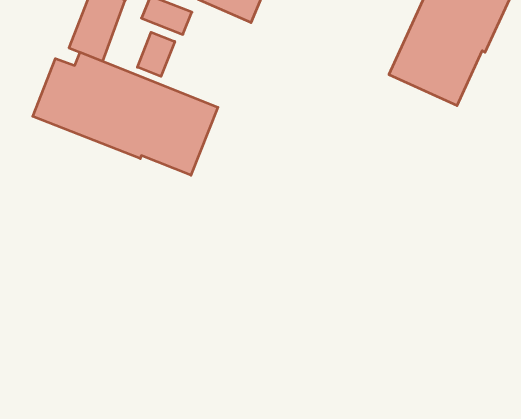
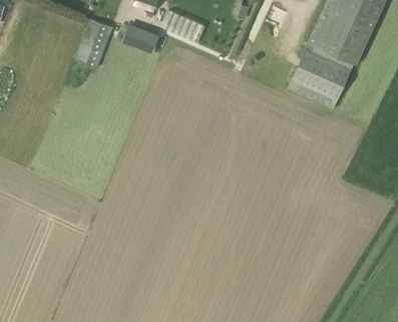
building: [137,32,175,76] -> none
building: [33,52,218,175] -> none

